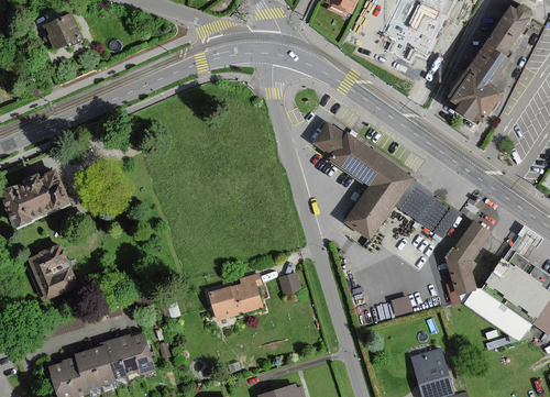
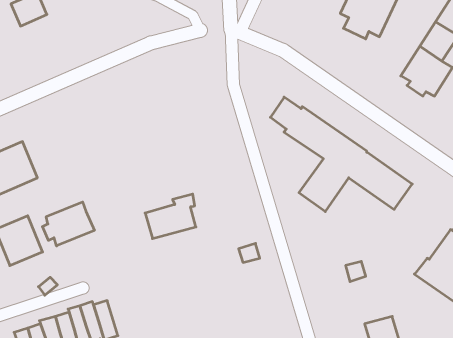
building: [447,220,491,294] -> none
building: none -> [42,202,94,246]
building: [210,272,263,318] -> [145,194,196,239]

